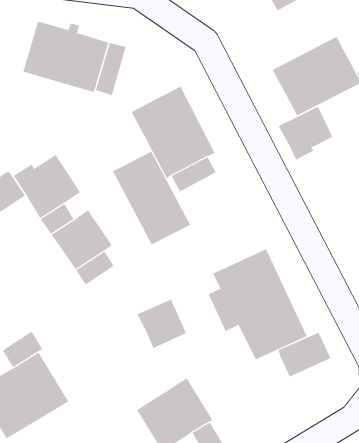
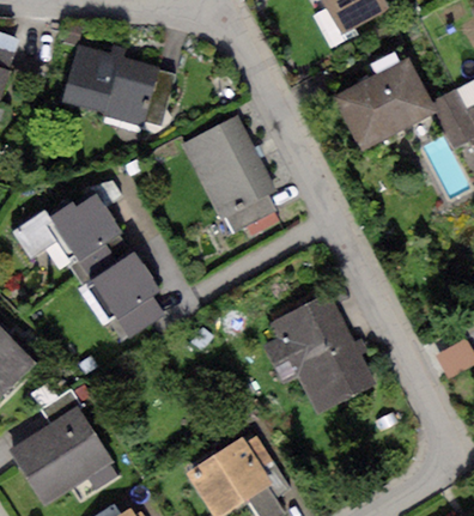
building: [278,106,333,161] -> none
building: [112,151,191,245] -> none
building: [137,299,187,349] -> none
building: [278,332,331,378] -> none

